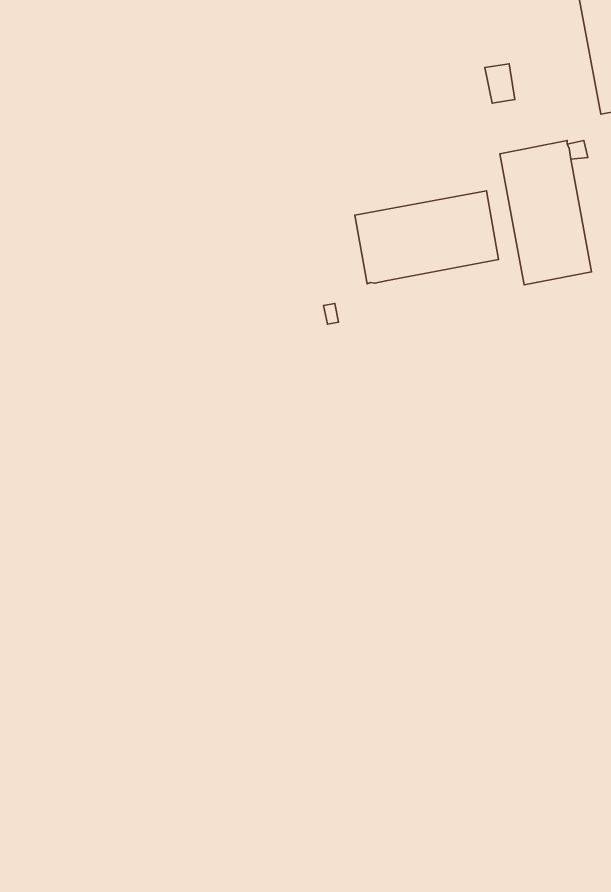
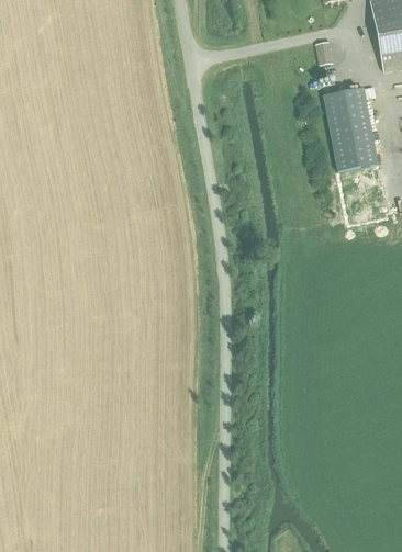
building: [355,191,499,284] -> none

